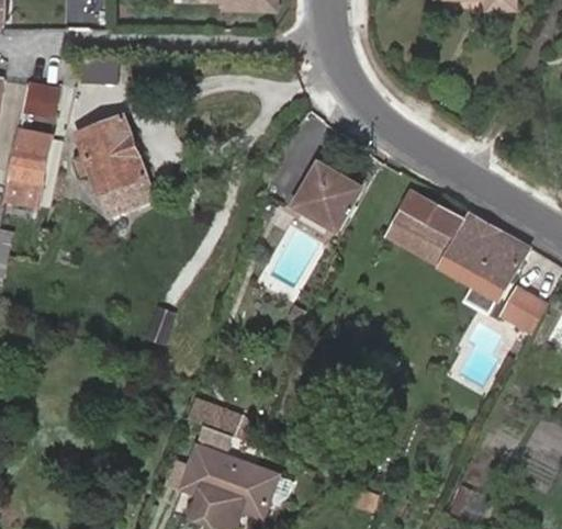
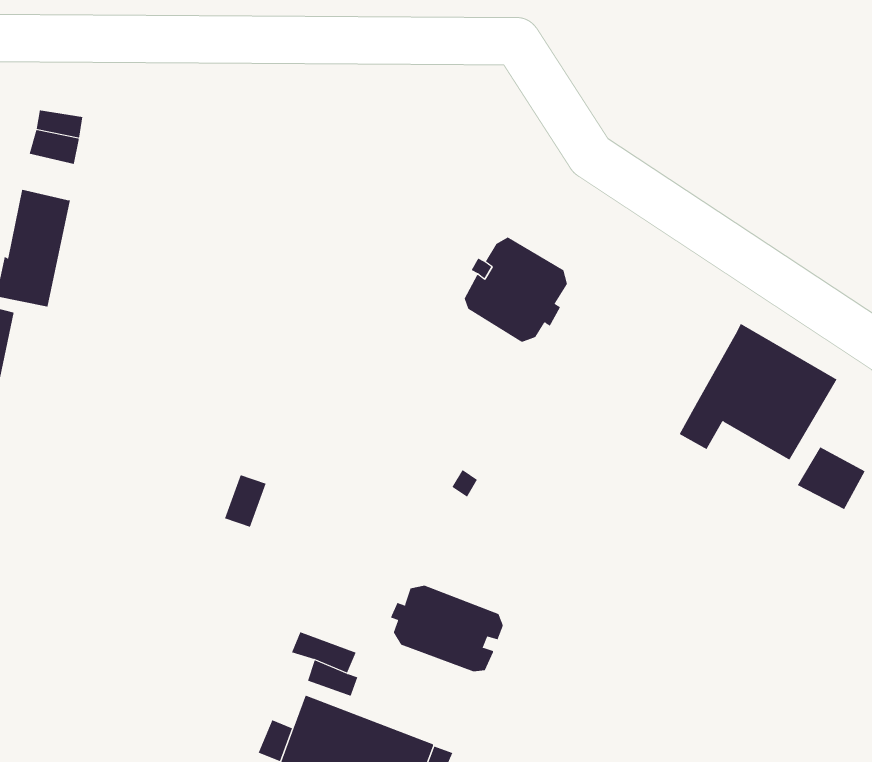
building: [72,114,155,215] -> none
building: [387,191,464,264] -> none
building: none -> [390,585,503,672]

